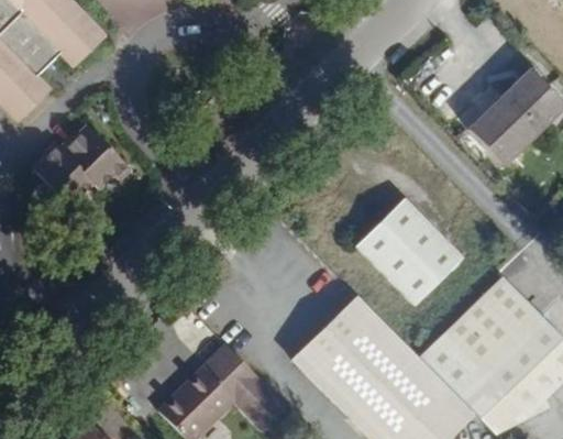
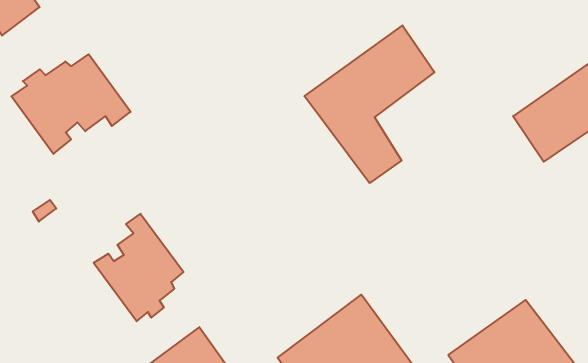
building: none -> [304,25,434,183]
building: [355,197,459,303] -> none
building: none -> [94,214,184,321]

